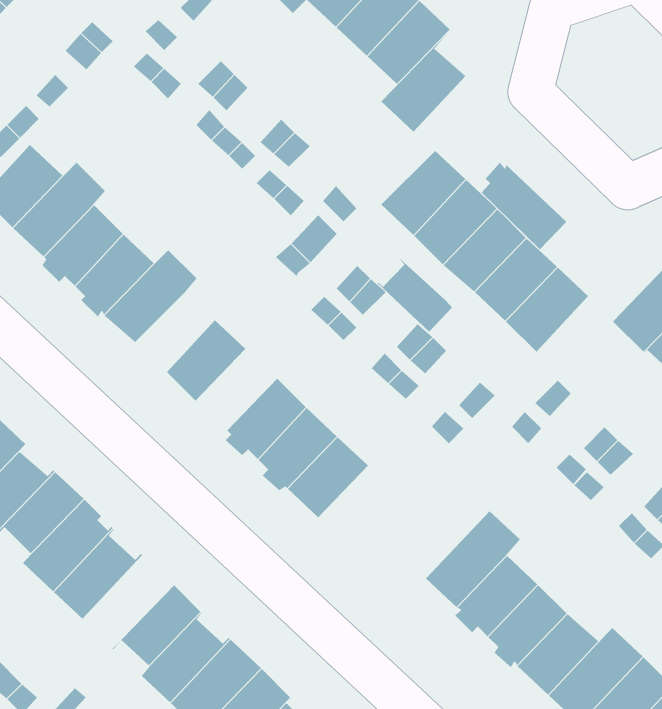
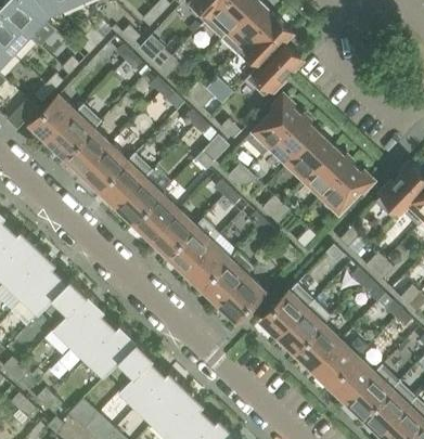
building: [481,162,567,250] -> none
building: [377,258,453,332] -> none
building: none -> [117,180,162,224]
building: none -> [151,211,196,257]
building: none -> [219,276,265,323]
building: none -> [261,285,314,339]
building: none -> [88,326,139,378]

